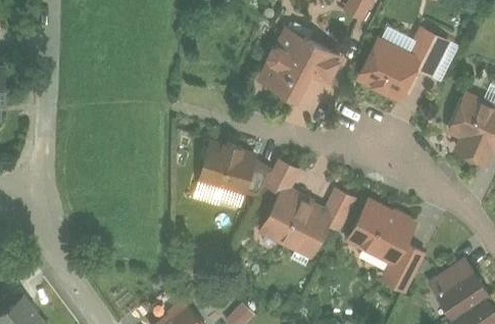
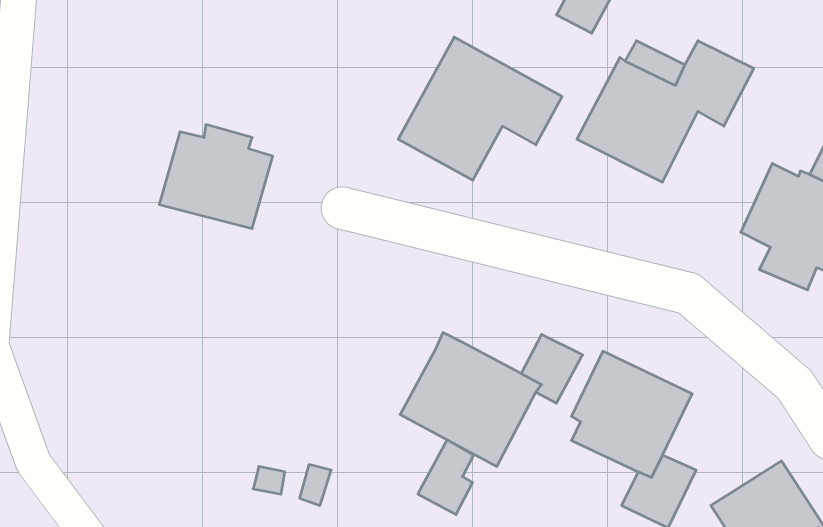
building: [196,140,258,197] -> [159,125,273,229]
building: [263,159,302,196] -> none
building: none -> [418,440,474,515]

